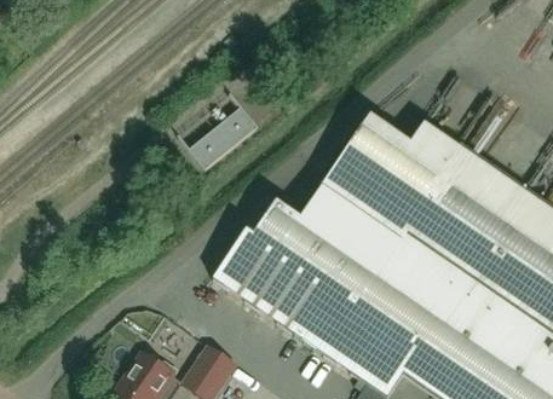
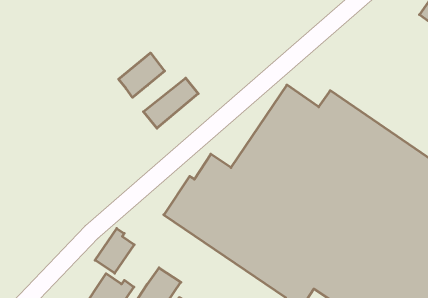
building: none -> [119,53,165,97]
building: none -> [95,228,134,273]

